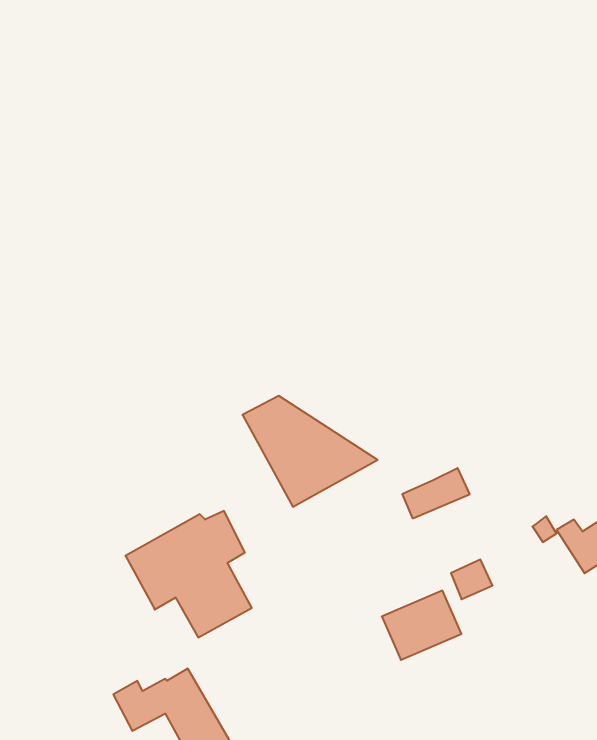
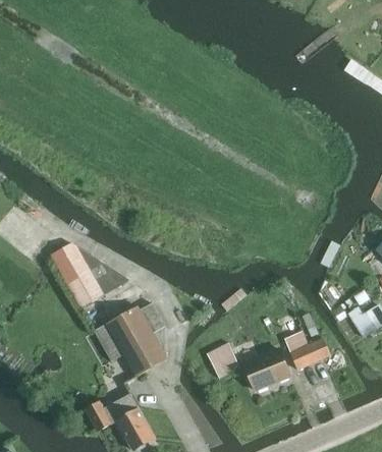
building: [242,396,378,507] -> [51,243,130,308]
building: [402,468,470,518] -> [291,339,331,369]
building: none -> [207,342,241,379]

